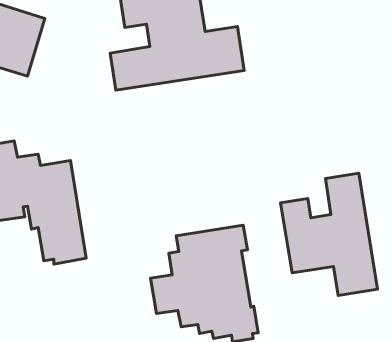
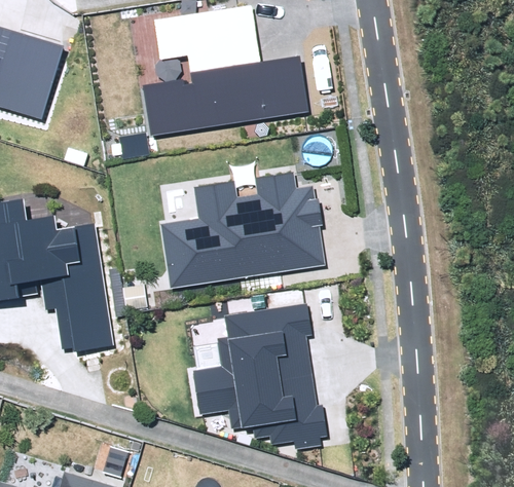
building: none -> [160,167,325,285]
building: [280,173,377,296] -> none

